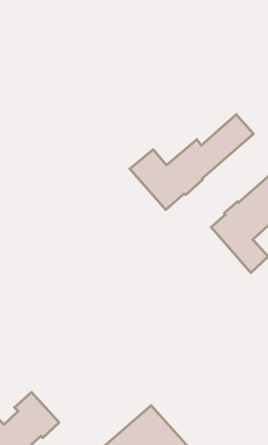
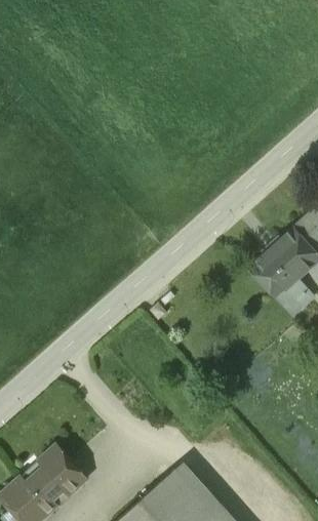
building: [130,114,253,210] -> none

